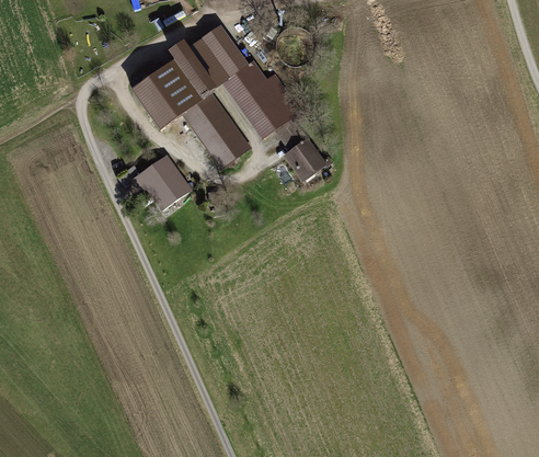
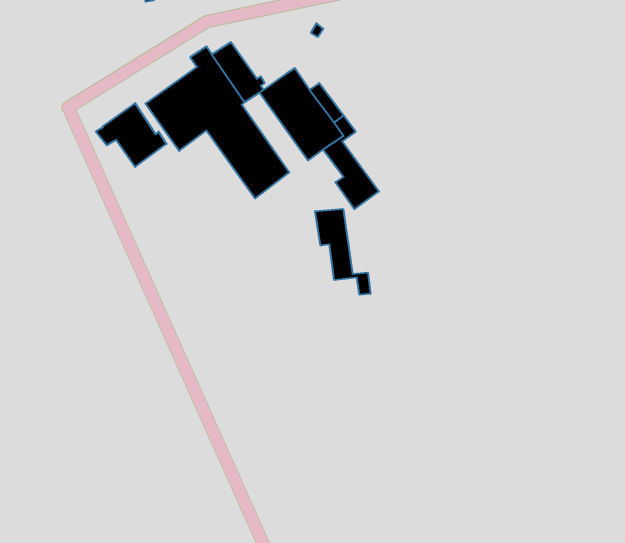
building: [202,28,246,79] -> none
building: [133,156,190,207] -> [96,103,167,167]
building: none -> [315,209,370,295]

